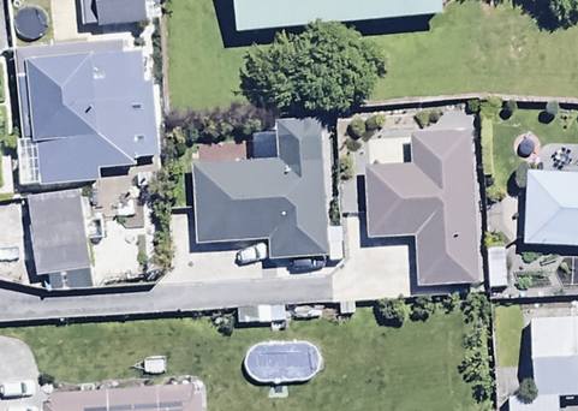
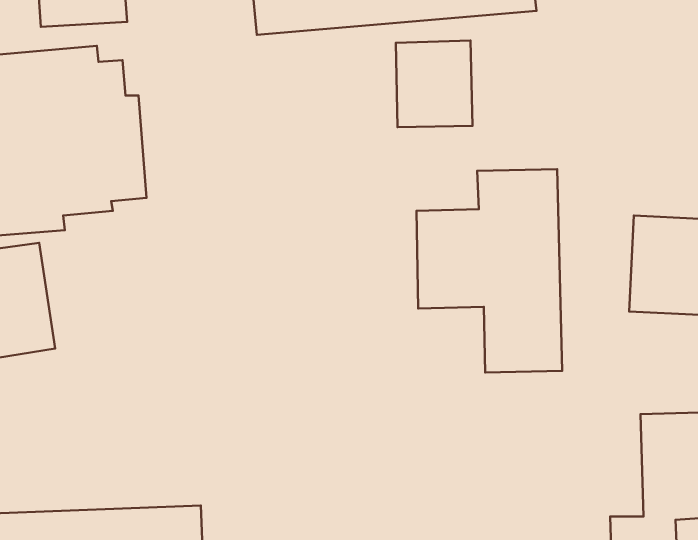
building: none -> [396,40,472,127]
building: [190,138,327,260] -> none

